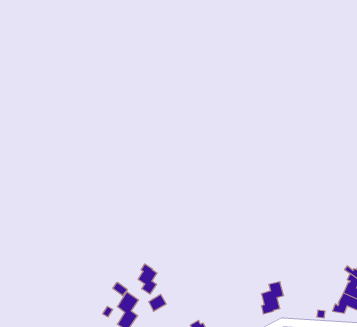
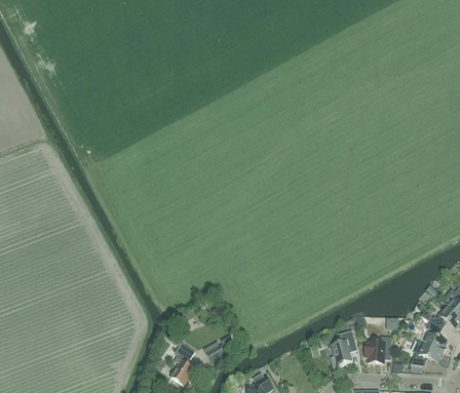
building: [138,264,157,294] -> none
building: none -> [365,336,392,363]

